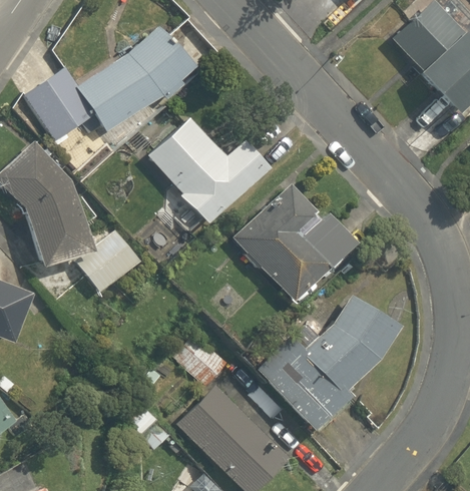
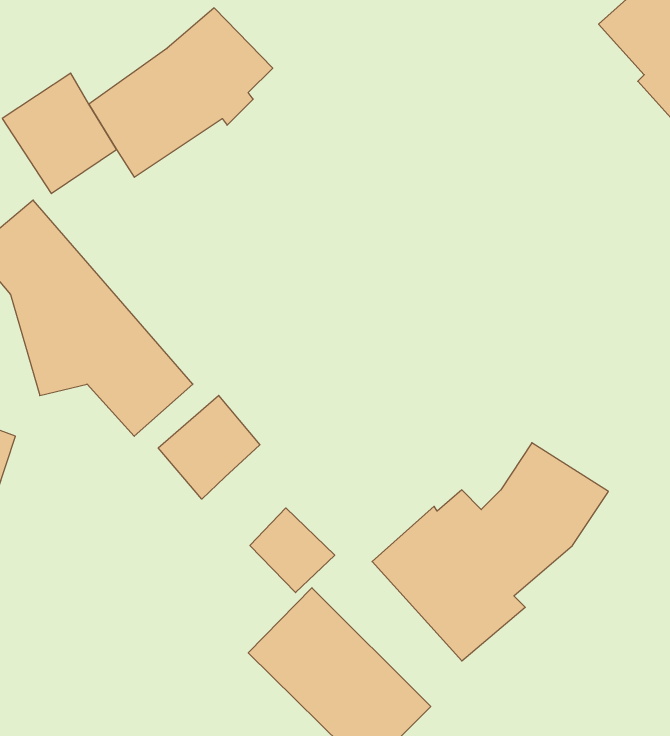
building: [148,117,266,223] -> none
building: [234,184,354,301] -> none
building: none -> [158,395,260,499]

